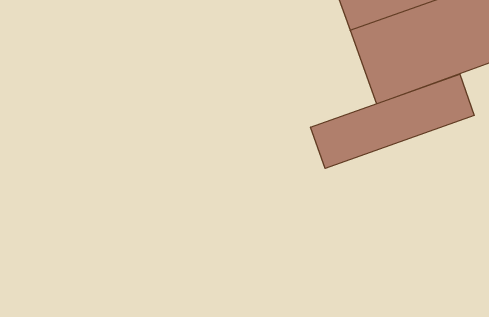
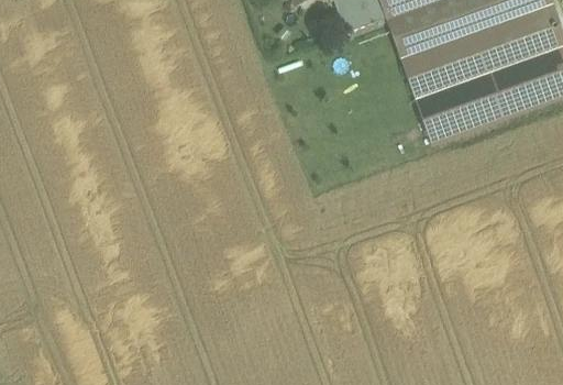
building: [311,74,474,168] -> none

